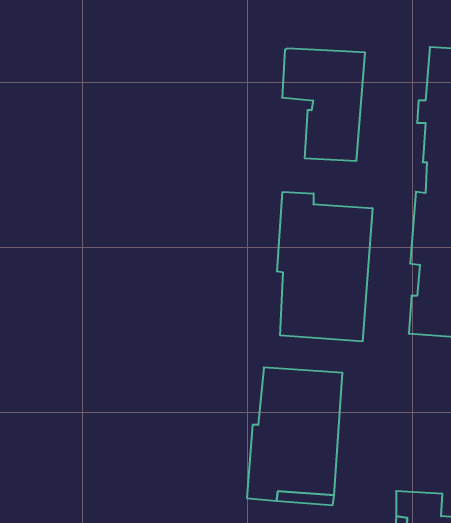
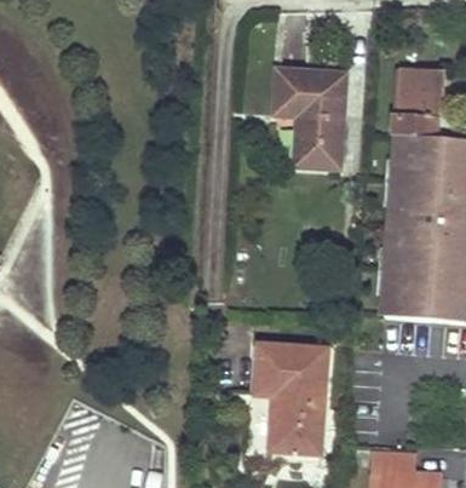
building: [277,192,372,341] -> none

